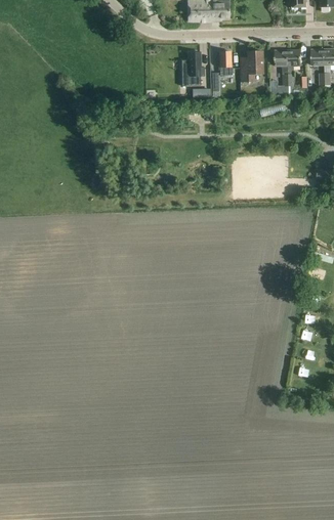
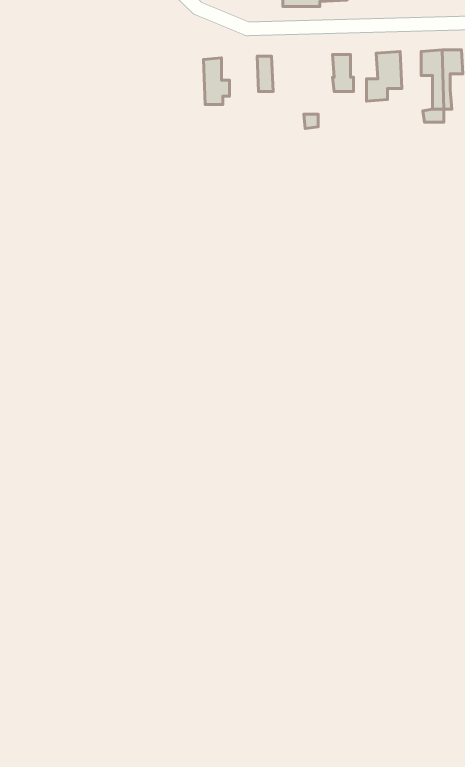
building: [187,52,204,82] -> [204,58,229,104]

